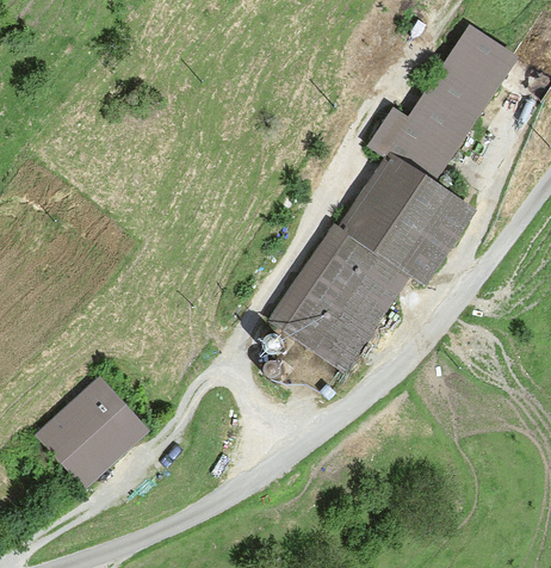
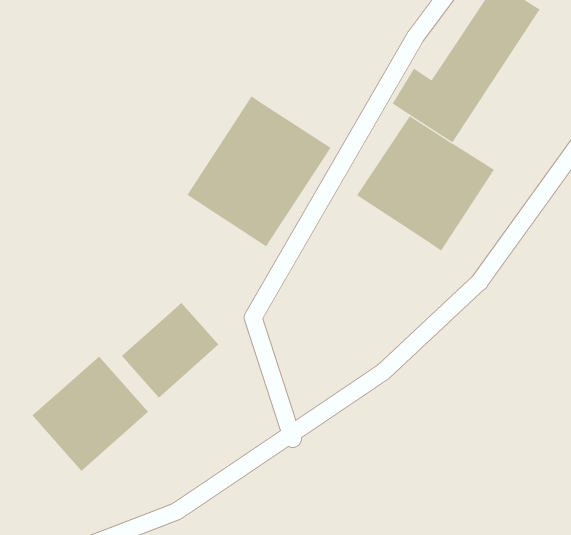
building: [273,224,409,366] -> [186,96,331,247]
building: none -> [121,302,219,398]

